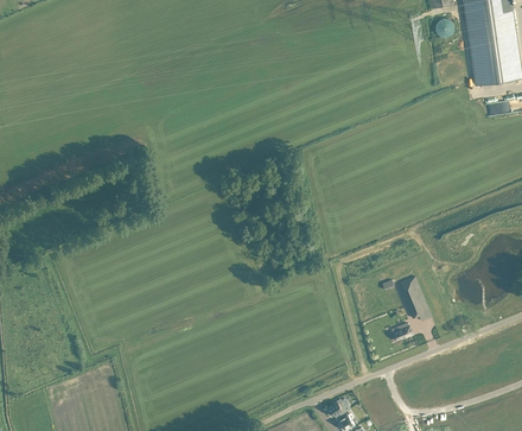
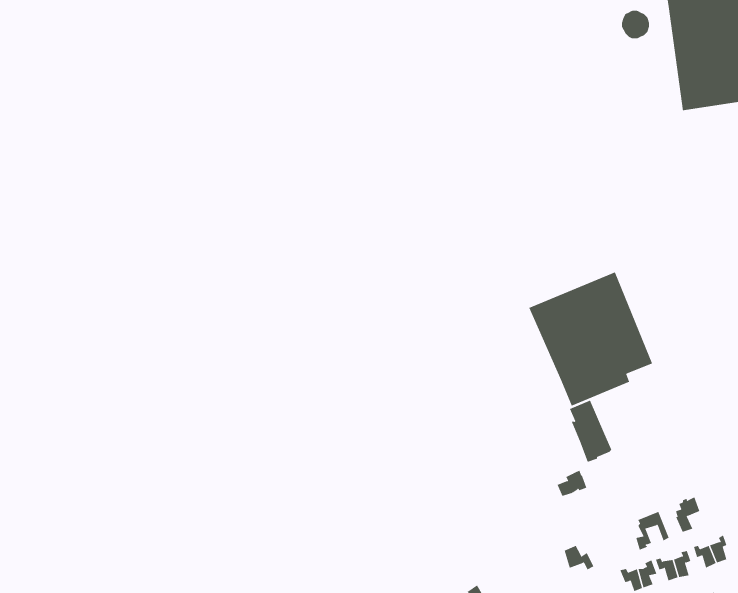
building: none -> [528,271,653,406]

